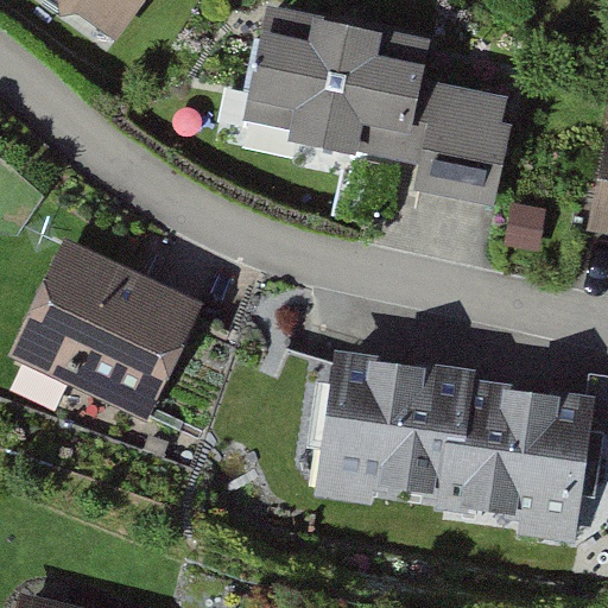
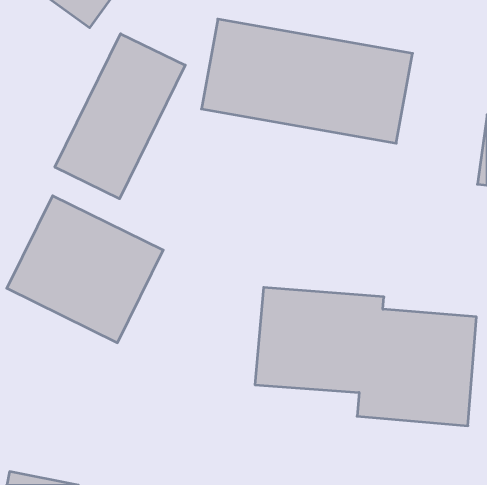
building: none -> [55,34,185,199]

